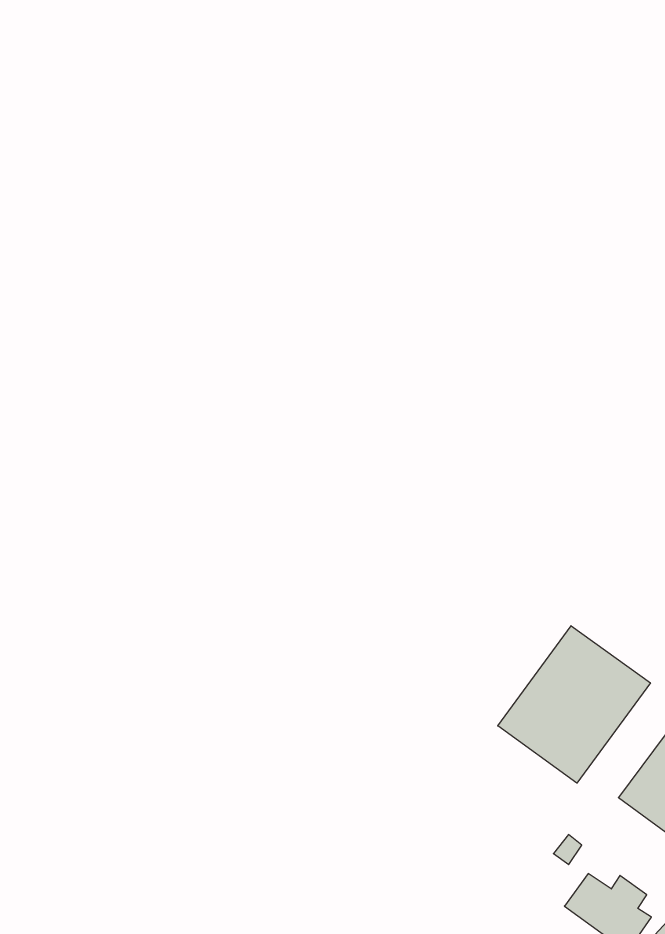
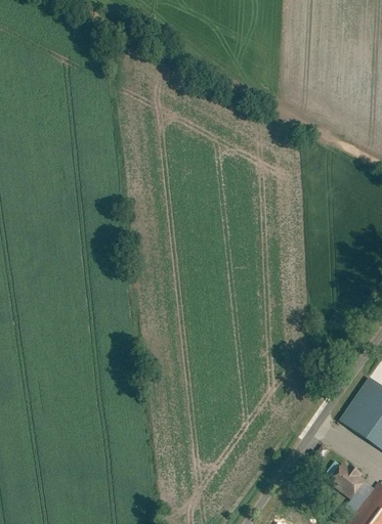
building: [498,626,650,783] -> none

